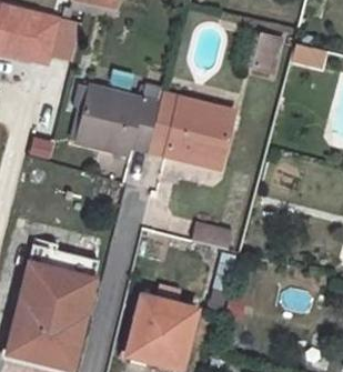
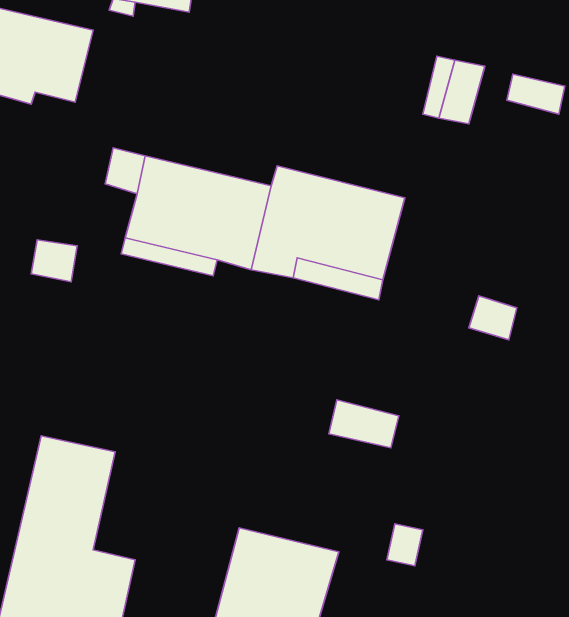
building: [62,254,99,314] -> none

